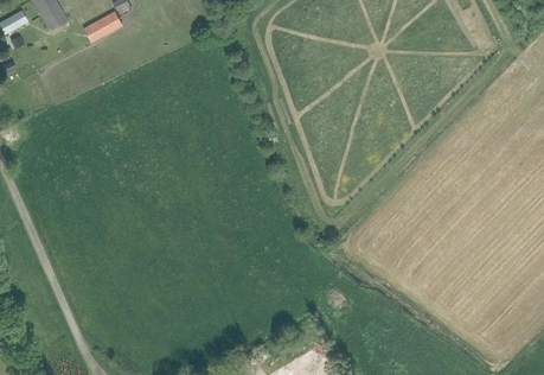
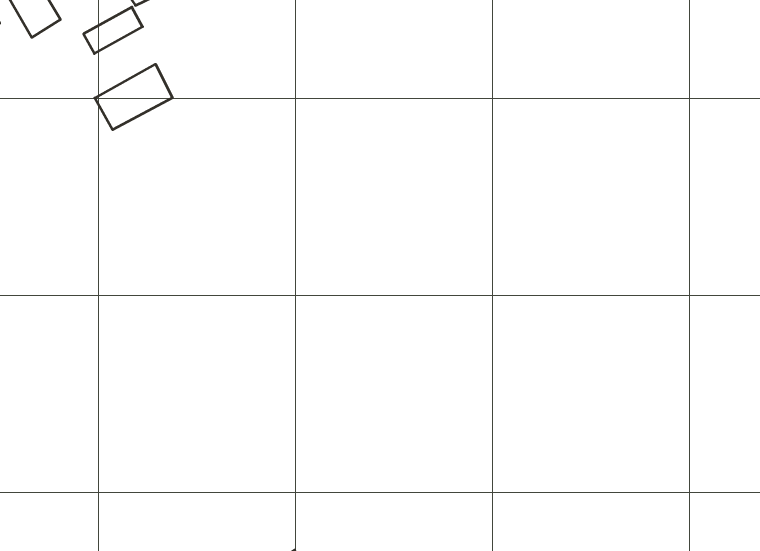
building: none -> [95,64,172,130]

